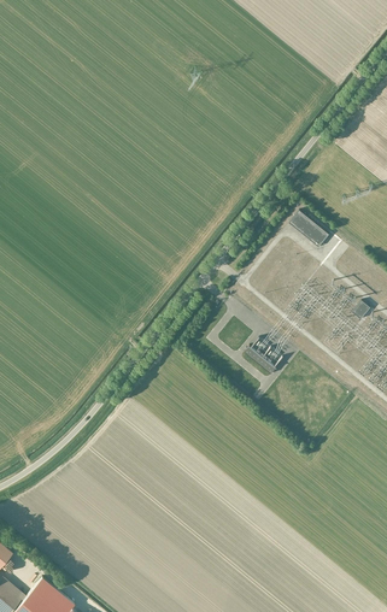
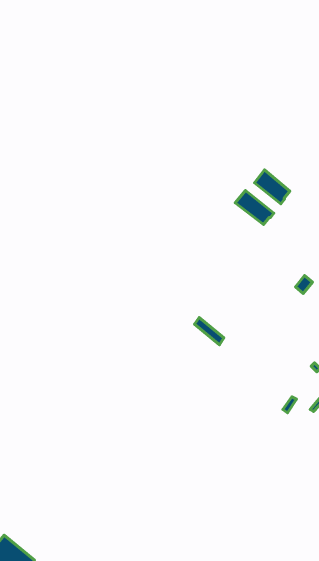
building: none -> [255,170,290,204]

